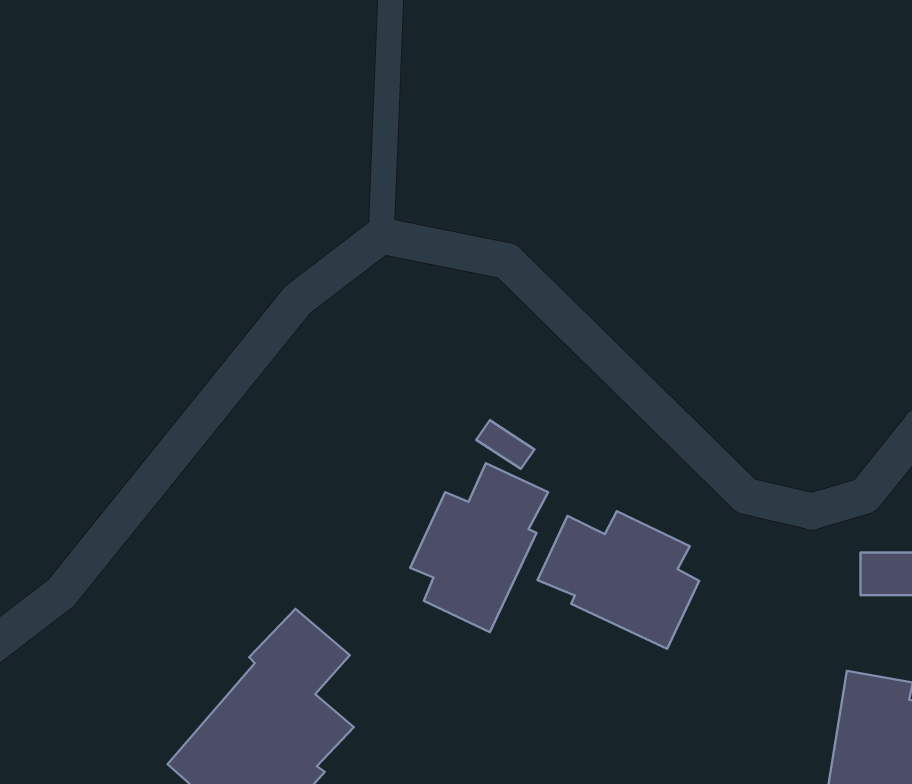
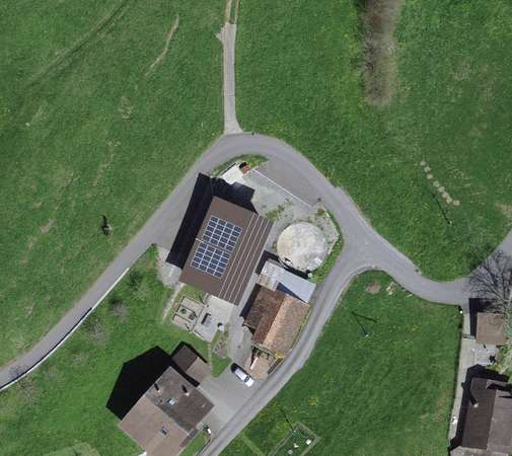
building: none -> [178,197,275,309]
building: [537,511,699,649] -> none

